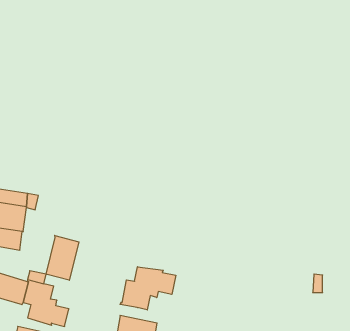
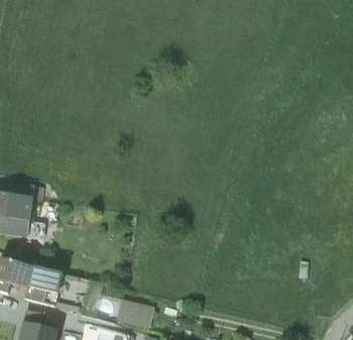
building: [46,235,79,280] -> none
building: [120,267,176,310] -> none

